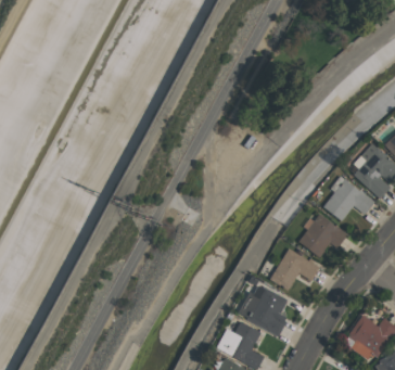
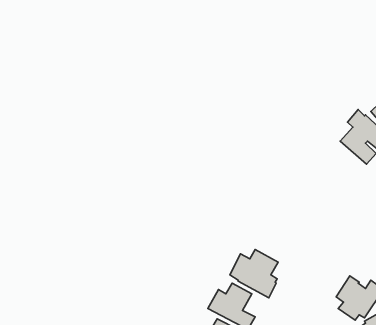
building: [322,178,374,221] -> none
building: [298,213,346,257] -> none
building: [270,247,319,290] -> none

